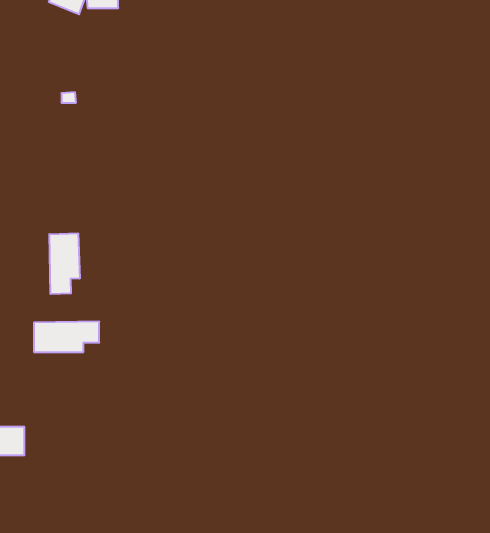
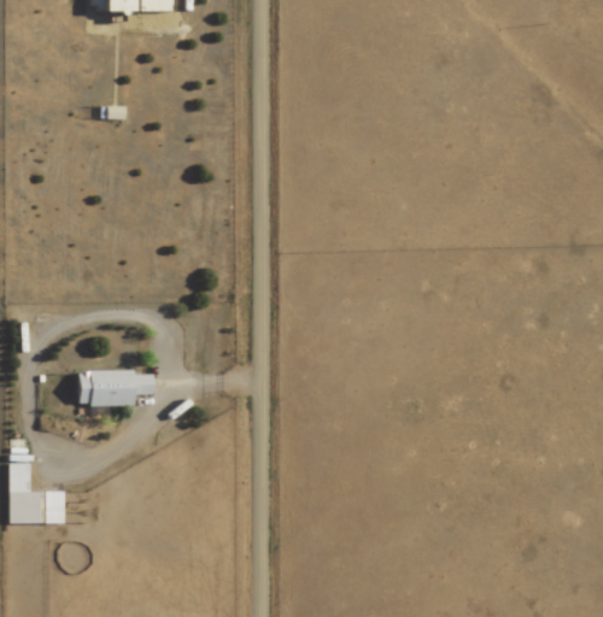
building: [49,233,80,294] -> none

